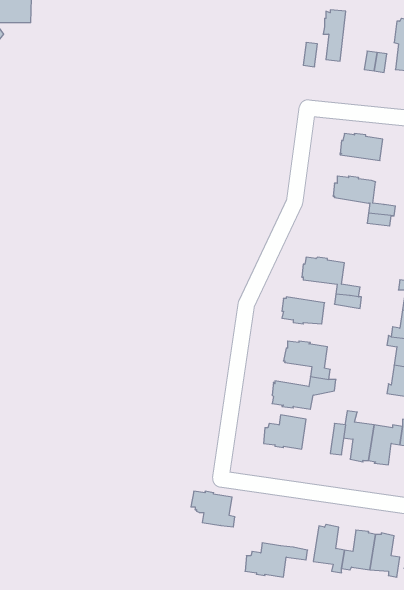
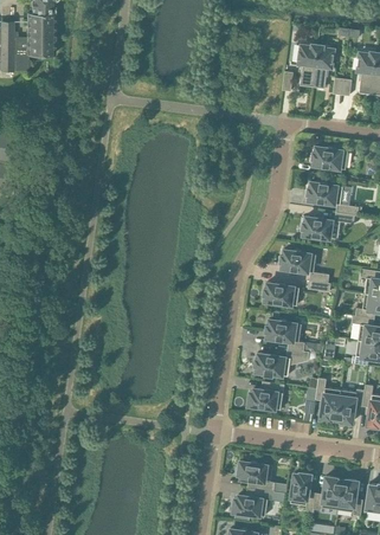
building: none -> [313,45,334,89]
building: none -> [303,217,333,239]
building: [191,491,235,527] -> [238,462,275,491]

